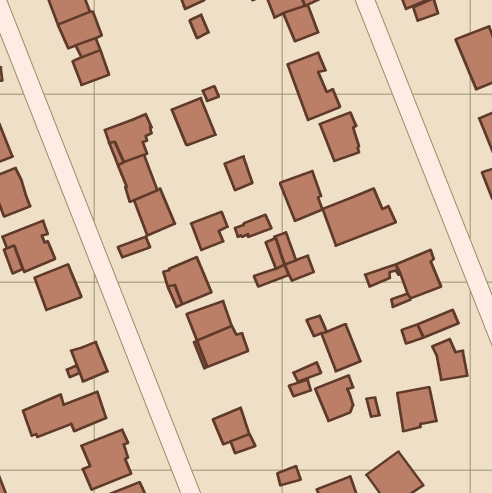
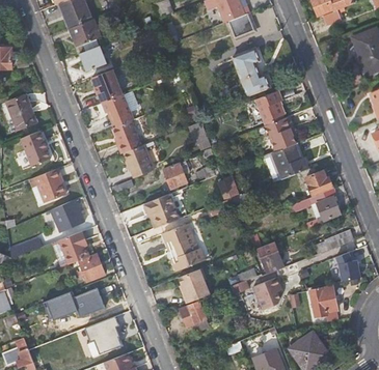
building: [172,98,216,145] -> [91,69,123,103]
building: [280,171,323,221] -> [266,116,296,151]
building: none -> [304,169,332,195]
building: none -> [59,231,86,263]
building: none -> [178,267,209,302]

